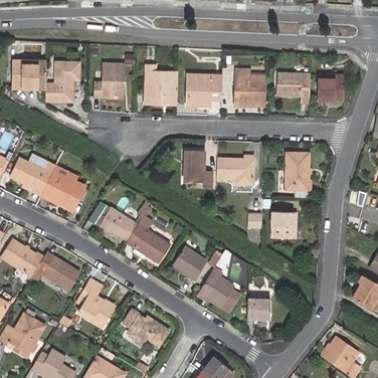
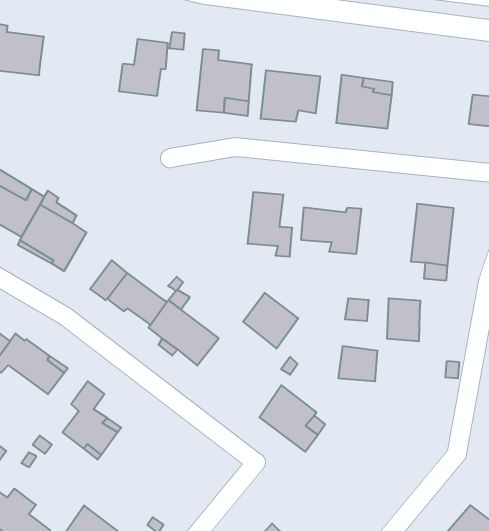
building: [46,64,80,103] -> none
building: [276,74,309,102] -> none
building: [173,246,207,280] -> [243,293,298,349]
building: [246,299,269,319] -> [338,346,378,381]
building: [125,309,171,348] -> none

